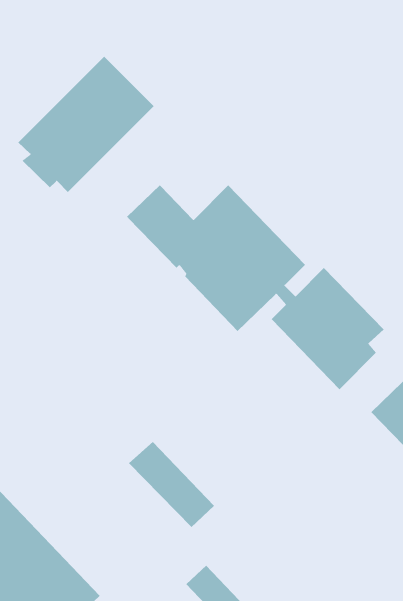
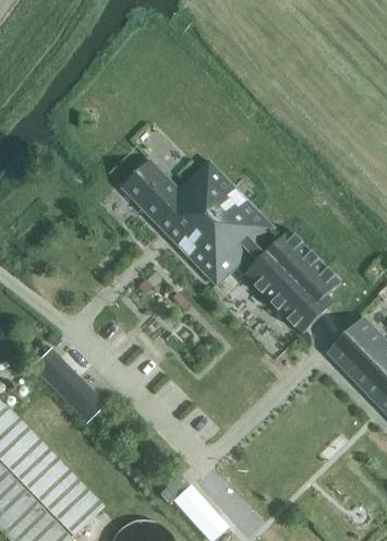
building: [18,56,154,193] -> none
building: [128,441,215,528] -> [33,347,106,420]

